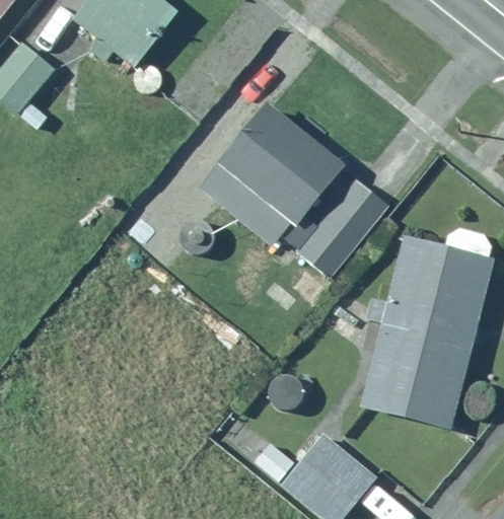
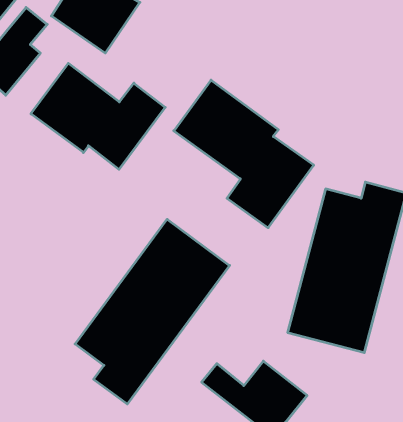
building: none -> [31,63,165,169]
building: none -> [75,219,230,404]

